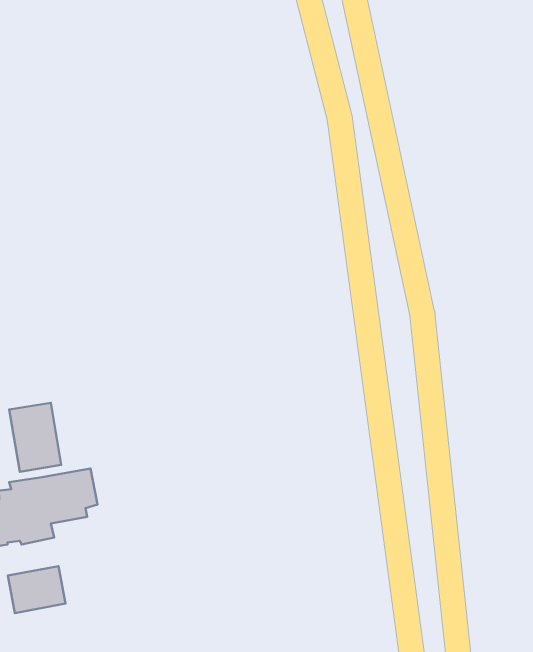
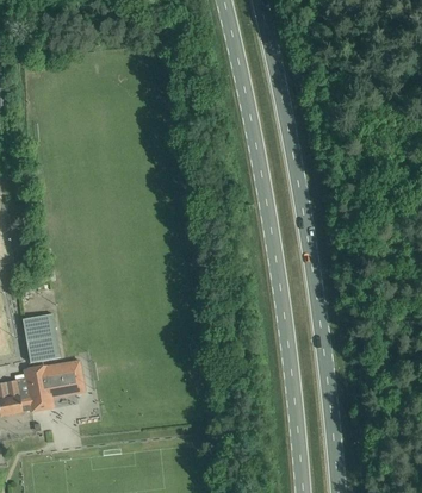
building: [8,566,66,613] -> none

